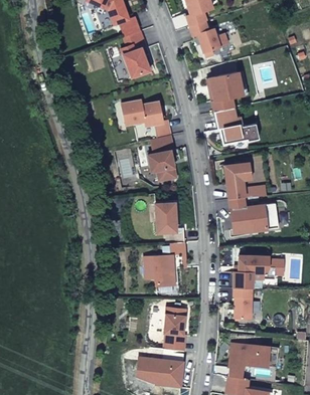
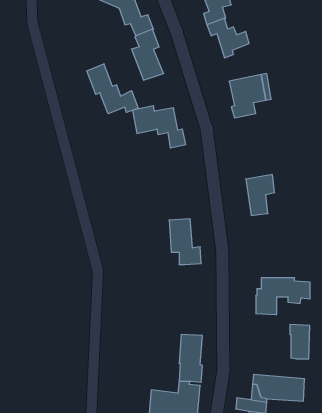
building: none -> [87,64,138,114]
building: [214,107,259,143] -> none
building: [148,135,176,181] -> none
building: [229,197,278,233] -> none
building: [144,242,185,284] -> none
building: [234,287,252,319] -> [290,325,310,359]

